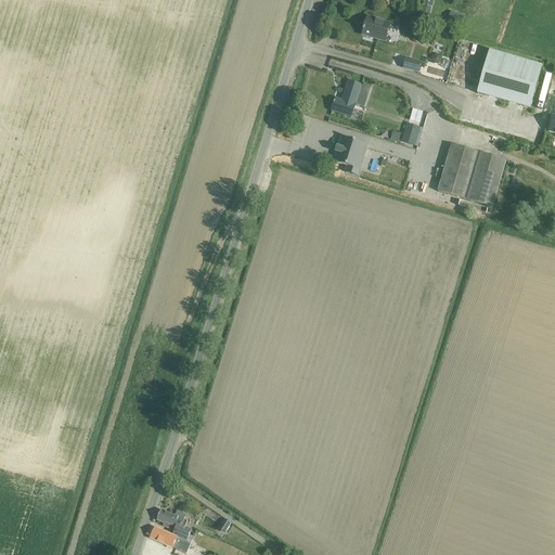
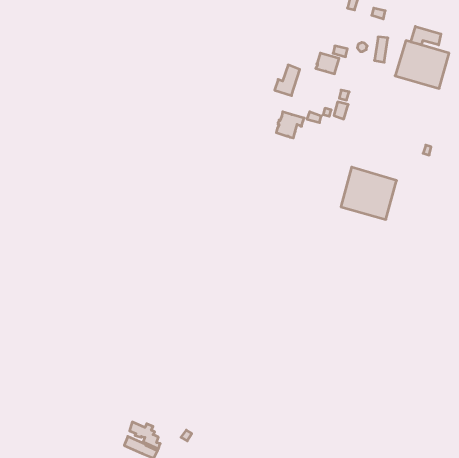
building: [361,14,389,39] -> [316,53,339,74]
building: none -> [411,26,441,45]
building: [438,142,505,205] -> [341,167,397,219]

